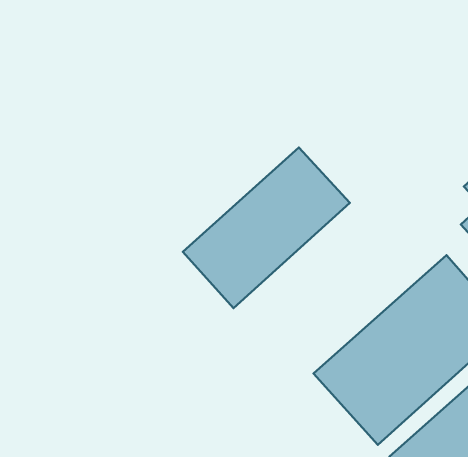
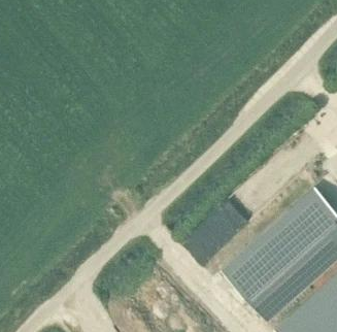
building: [183,148,350,308] -> none

